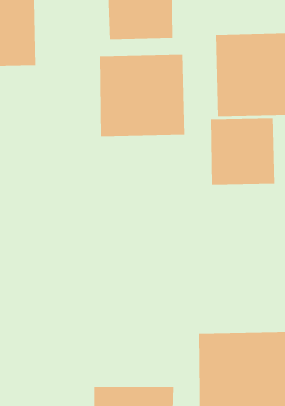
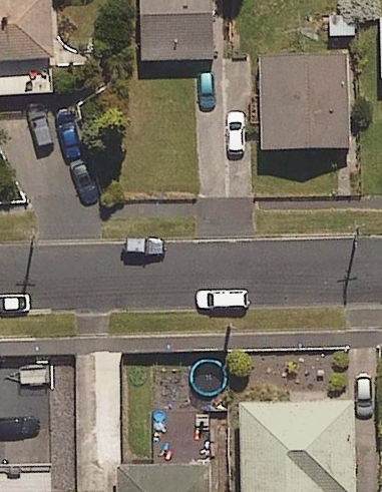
building: [100,54,185,137] -> none
building: [210,117,275,186] -> none

